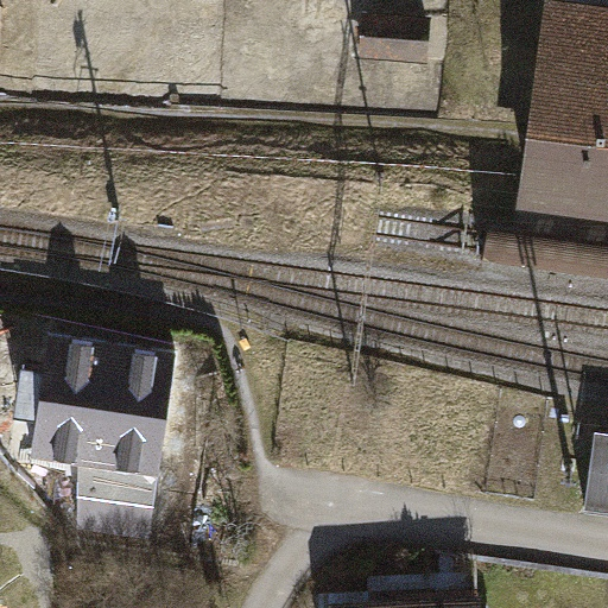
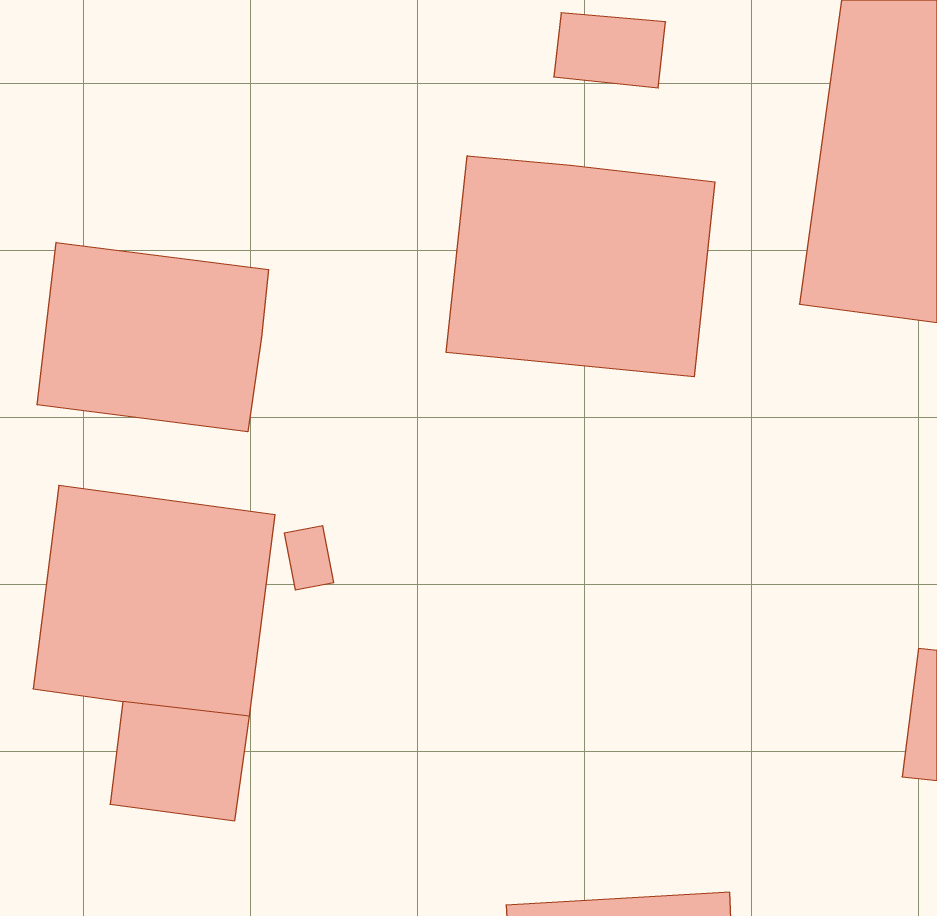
building: none -> [446,156,715,377]
building: none -> [37,242,269,432]

